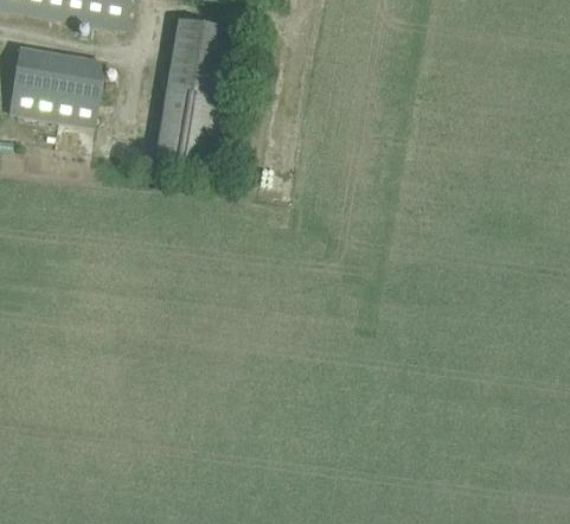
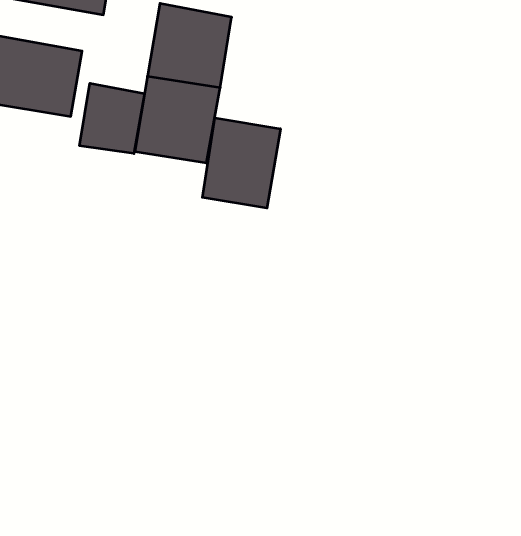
building: none -> [80,83,145,154]
building: none -> [202,118,280,208]

